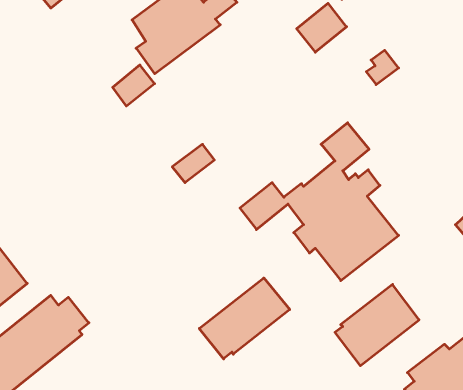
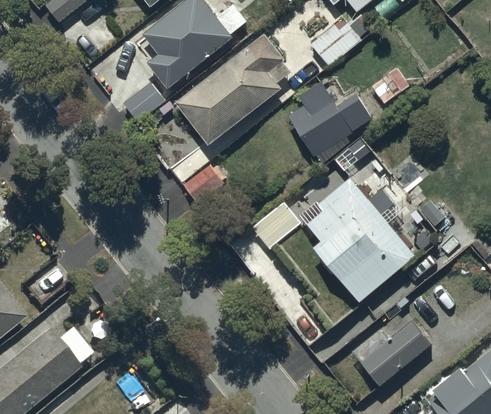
building: none -> [172,36,289,147]
building: none -> [292,75,377,161]
building: [199,278,290,359] -> none

